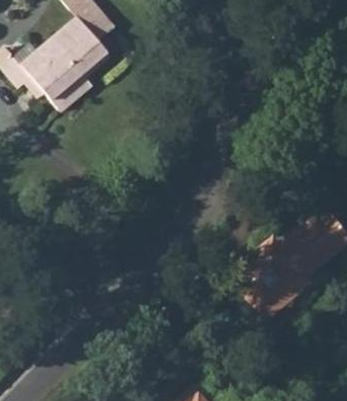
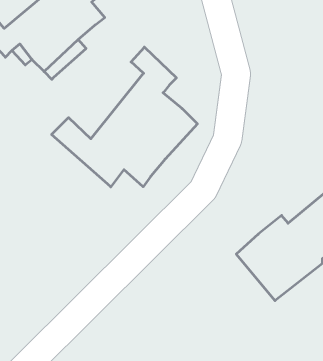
building: none -> [52,47,197,187]

